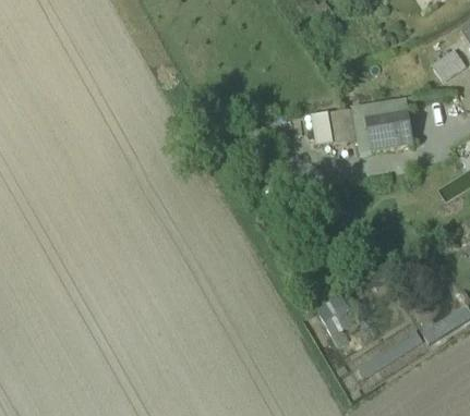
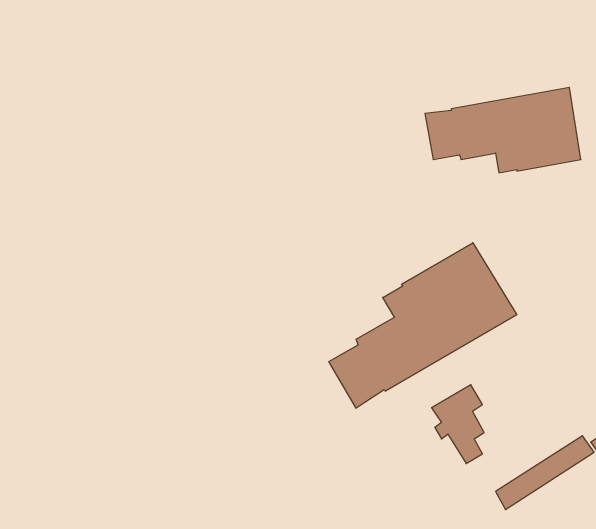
building: none -> [329,243,517,408]

